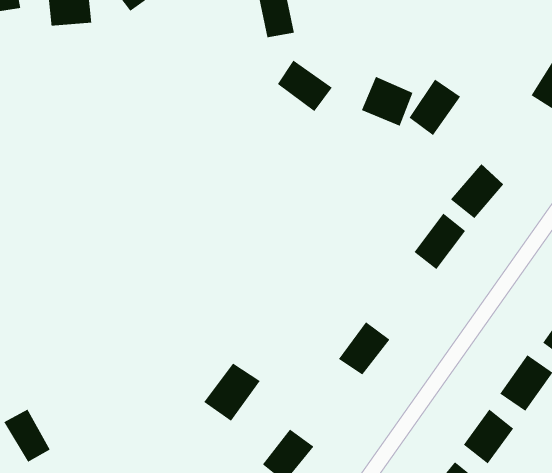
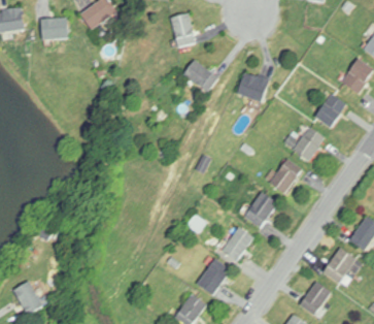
building: [409,78,461,136] -> [314,94,347,130]
building: none -> [244,191,278,228]
building: [203,363,261,422] -> [196,258,232,295]

